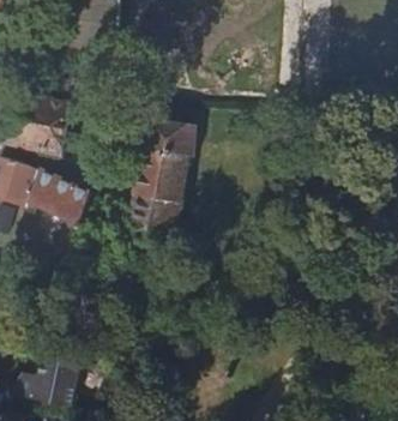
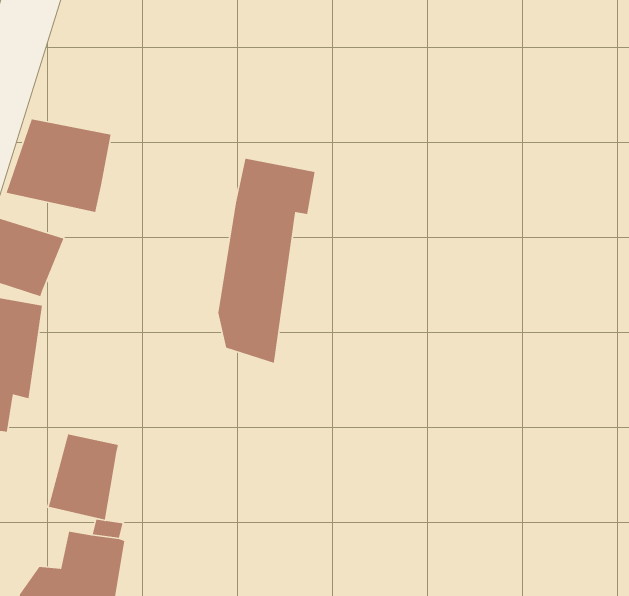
building: [28,168,94,221] -> none
building: none -> [48,433,119,520]

